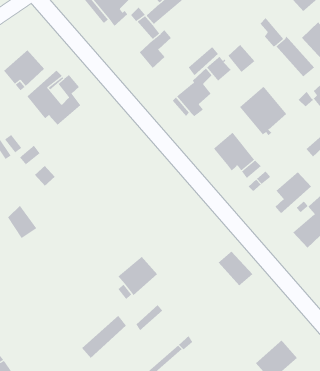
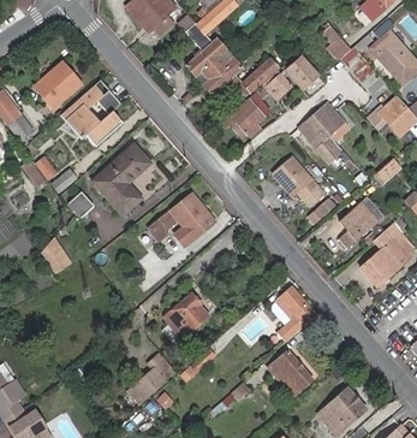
building: none -> [203,48,242,94]
building: none -> [93,144,150,214]
building: none -> [149,193,215,238]
building: none -> [269,350,312,396]

